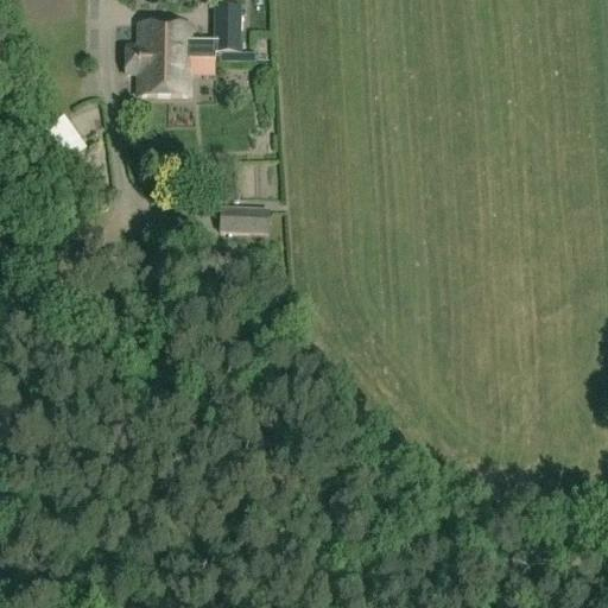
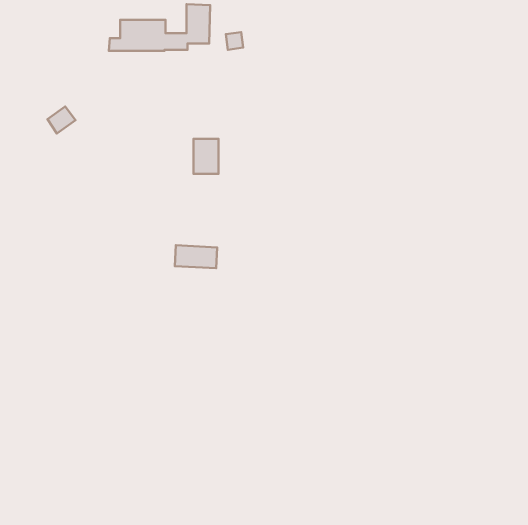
building: [126,58,190,95] -> none
building: [221,207,270,233] -> [175,245,217,268]

